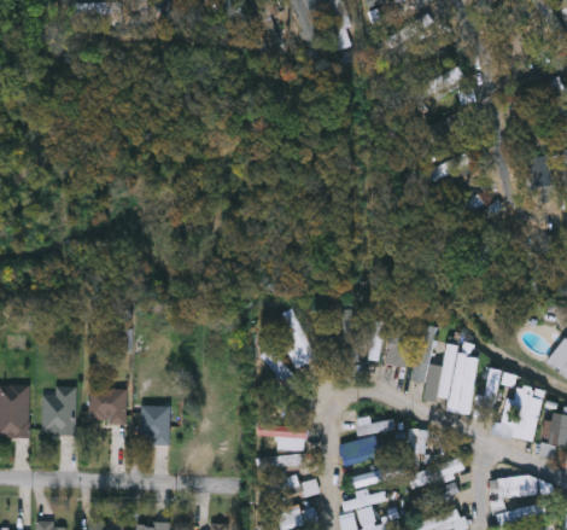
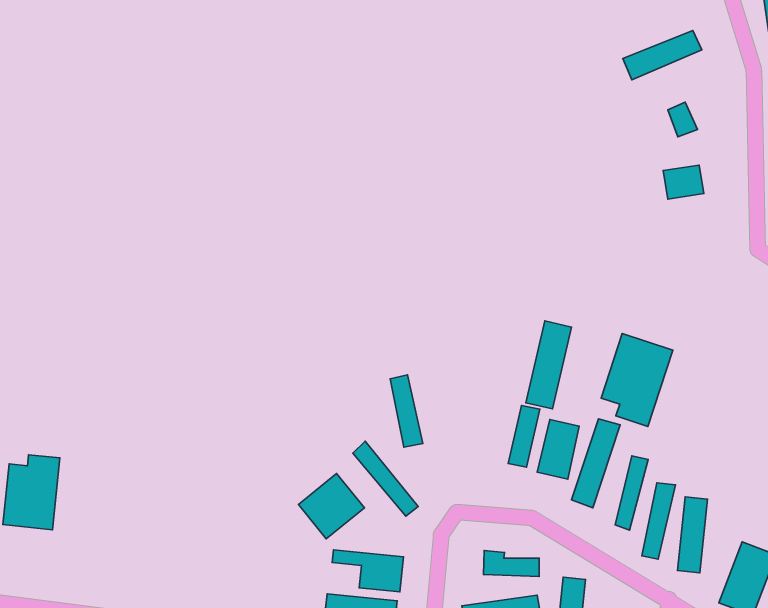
building: none -> [526,321,572,409]
building: none -> [601,334,673,426]
building: none -> [298,474,364,539]
building: [89,388,127,423] -> none
building: [140,406,170,444] -> none

